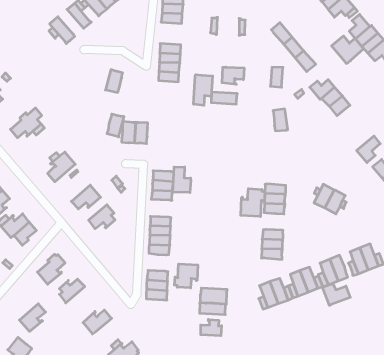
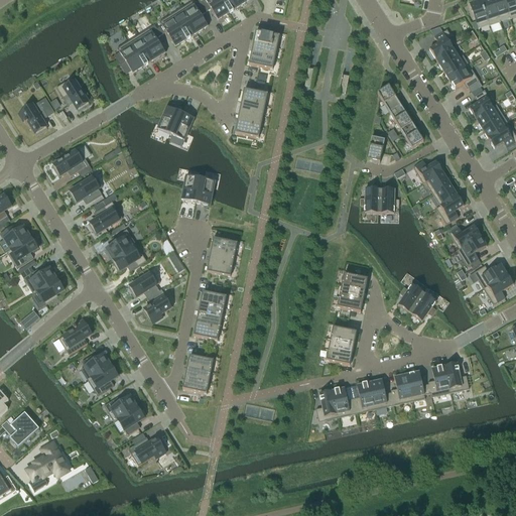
building: none -> [127,31,155,64]
building: [332,36,364,63] -> none
building: none -> [55,75,89,109]
building: [222,67,244,84] -> none
building: [194,75,213,105] -> none
building: none -> [435,194,464,223]
building: none -> [379,186,394,212]
building: [107,114,124,137] -> [157,105,180,133]
building: none -> [448,224,480,247]
building: none -> [68,173,102,201]
building: [173,167,191,193] -> none
building: none -> [105,227,136,259]
building: [241,189,265,217] -> none
building: none -> [142,287,172,320]
building: [174,264,198,288] -> none
building: [323,283,350,305] -> none
building: [200,288,227,304] -> none
building: [19,304,46,331] -> [87,362,119,393]
building: none -> [117,404,145,432]
building: [201,319,222,336] -> none

